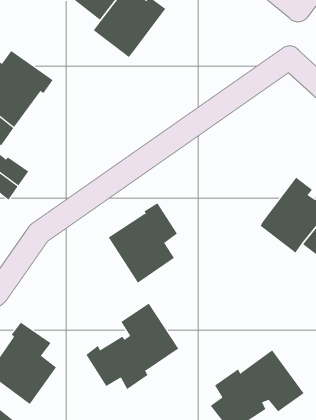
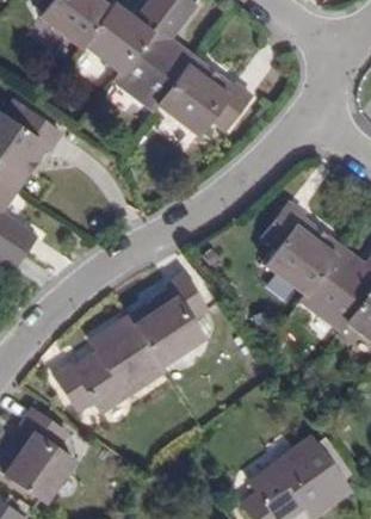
building: none -> [159,56,252,135]
building: none -> [260,202,340,294]
building: [86,303,179,390] -> [57,313,162,410]

